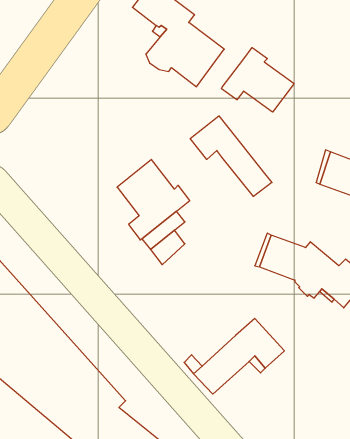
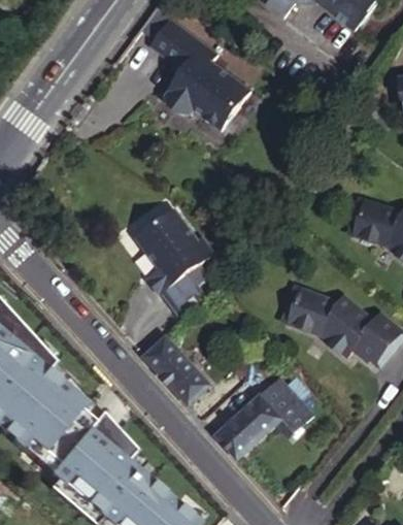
building: [222,48,294,112] -> none
building: [190,116,272,196] -> none
building: none -> [142,336,208,405]

